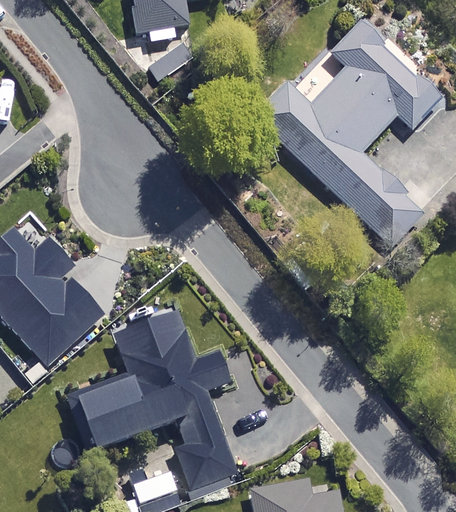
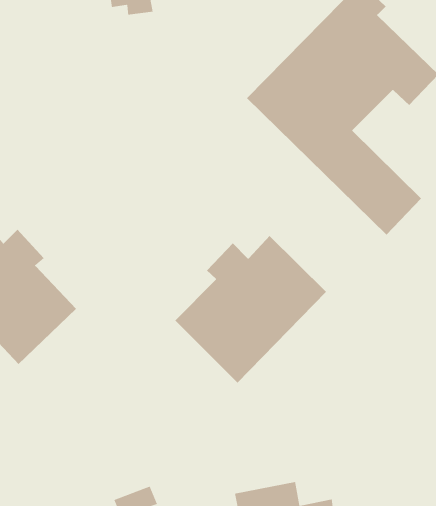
building: none -> [174,235,327,383]
building: [72,313,236,490] -> none

